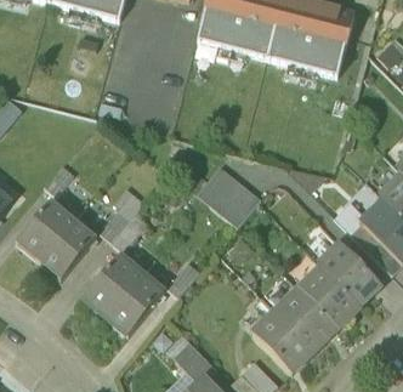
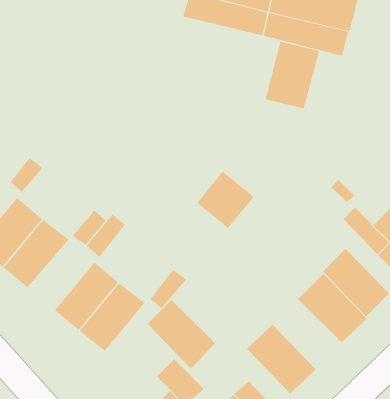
building: none -> [265,41,319,109]
building: [274,288,335,350] -> [147,299,216,369]

